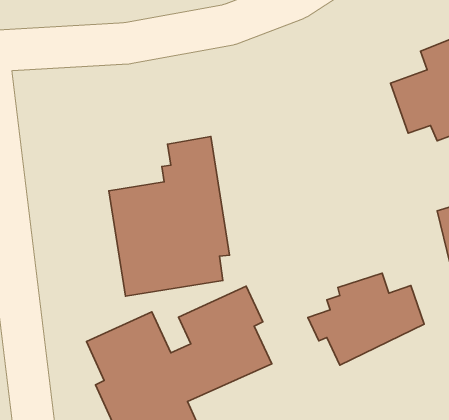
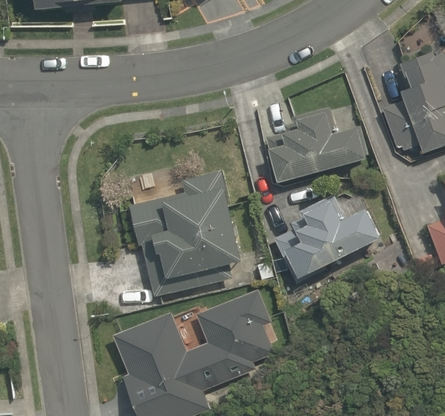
building: none -> [270,107,370,184]
building: [308,273,424,365] -> [273,198,378,281]

